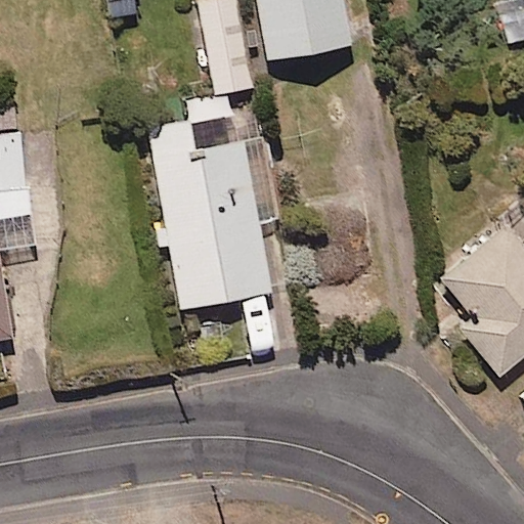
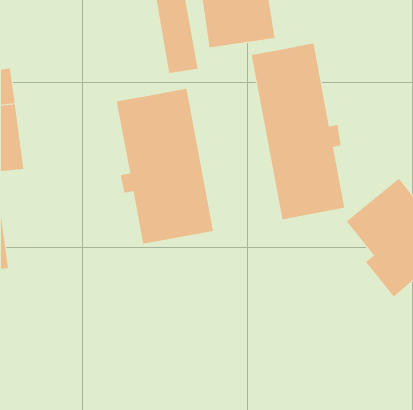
building: none -> [251,42,345,220]

